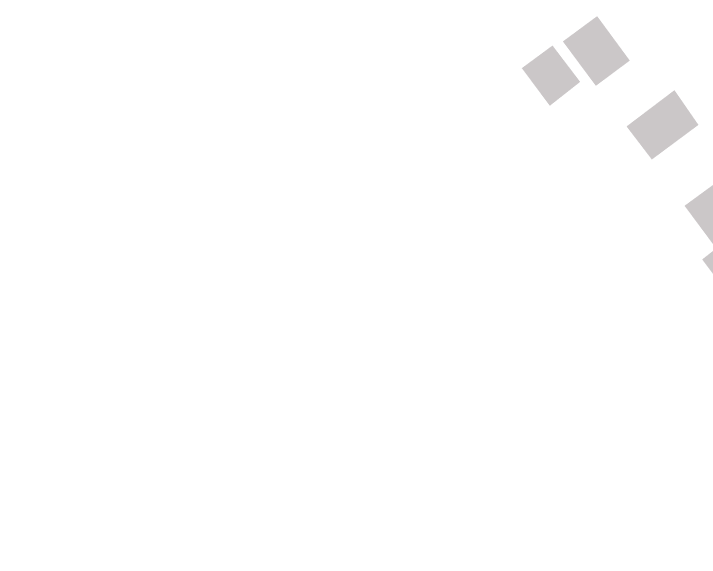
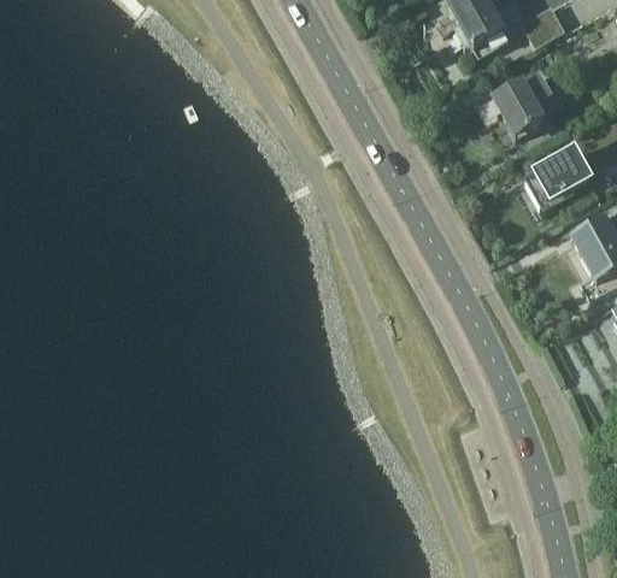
building: [521,44,581,107] -> none

